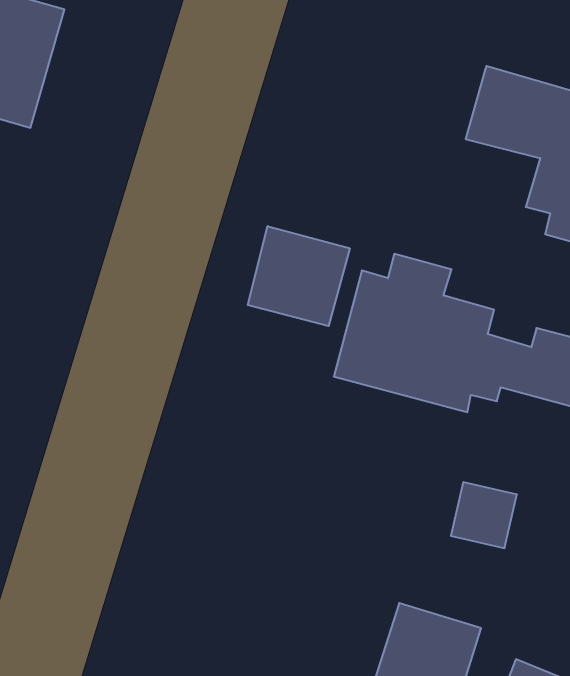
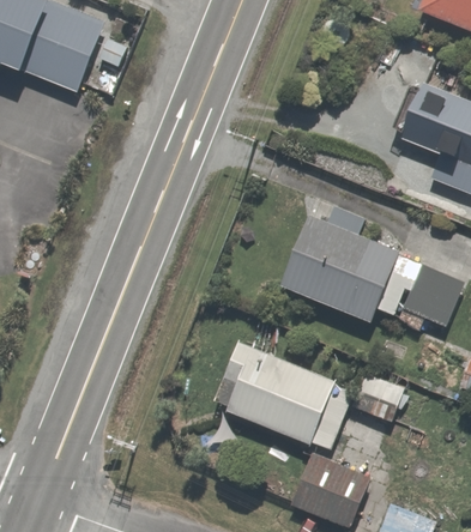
building: [248,226,350,326] -> none
building: none -> [212,338,352,449]

